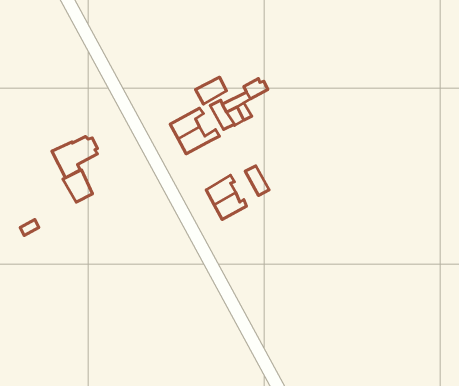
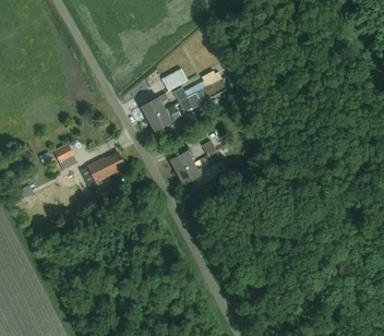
building: [52,136,98,178] -> [87,154,124,188]

